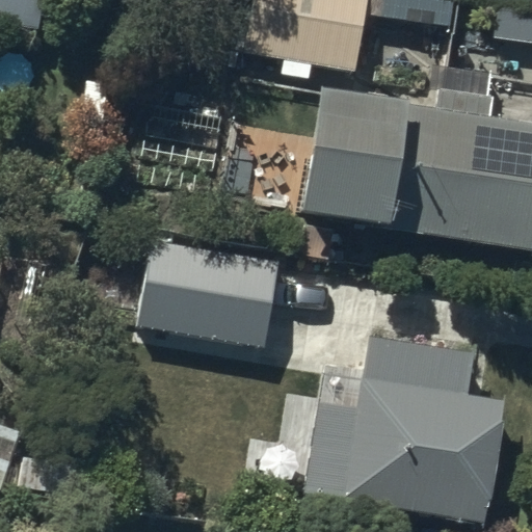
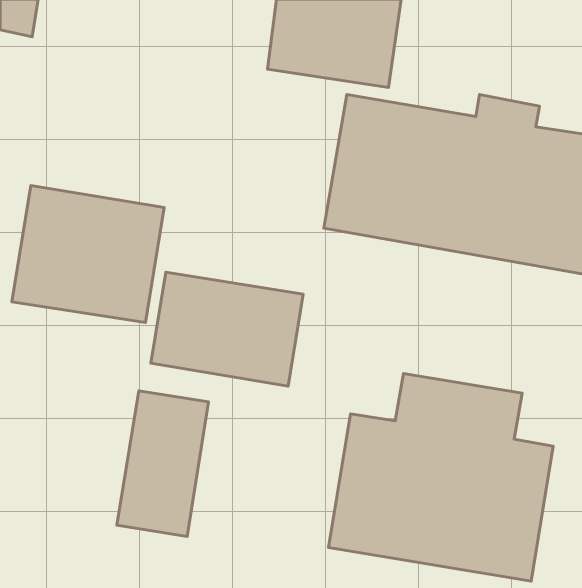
building: none -> [12,185,164,323]
building: none -> [117,391,209,536]

